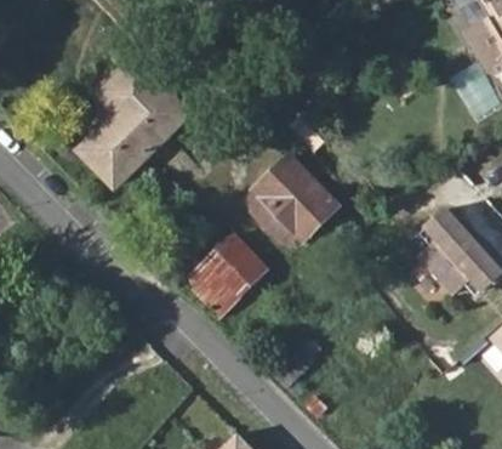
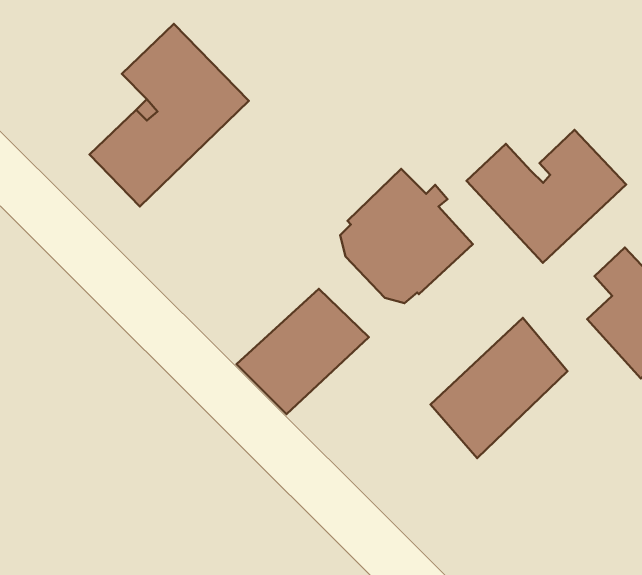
building: none -> [466,130,626,263]
building: none -> [431,318,568,458]

